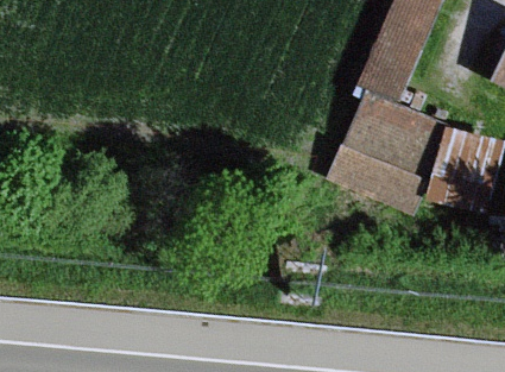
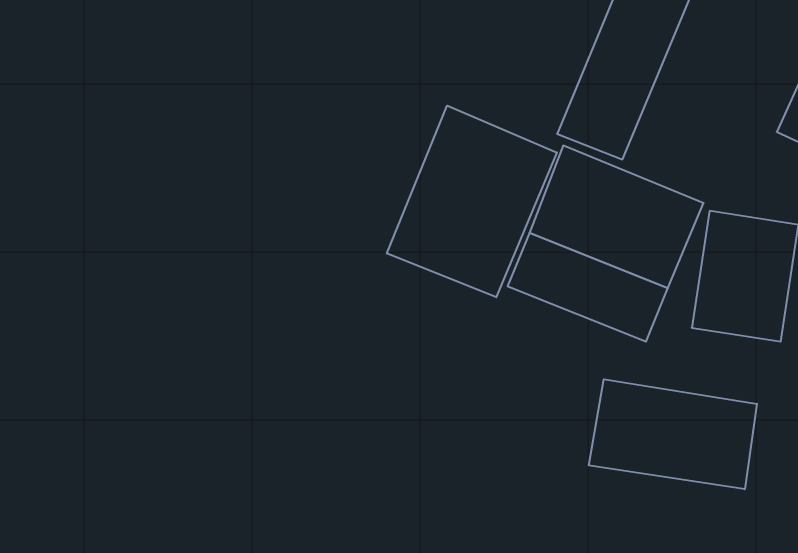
building: none -> [387,106,557,297]
building: none -> [589,379,757,489]

